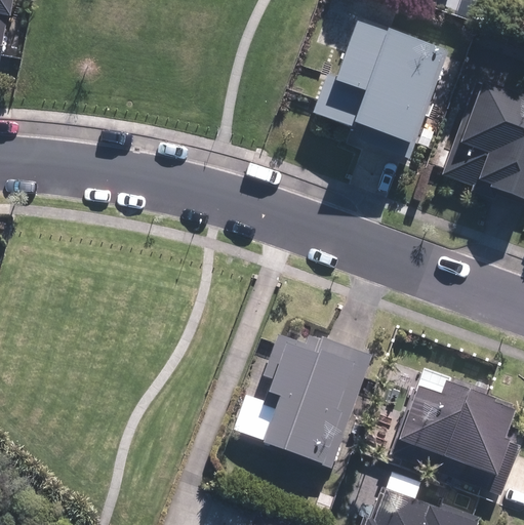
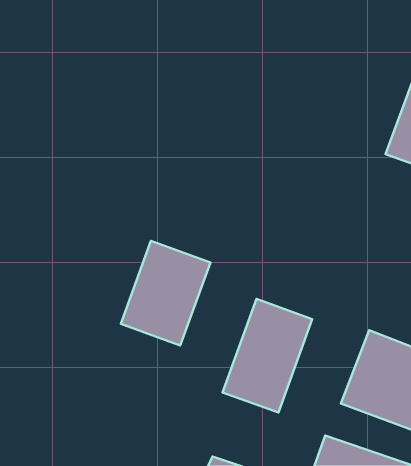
building: [323,17,447,148] -> none
building: none -> [121,241,210,346]

